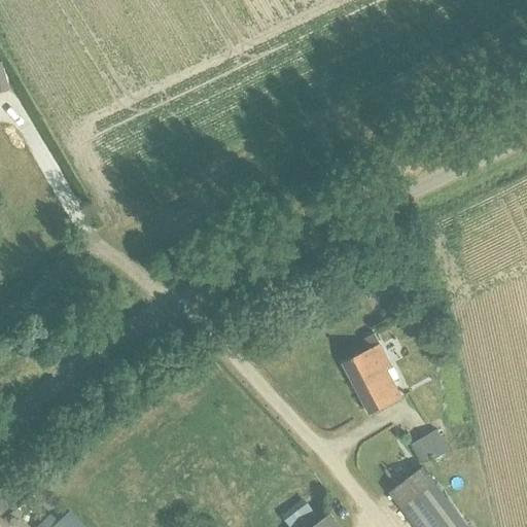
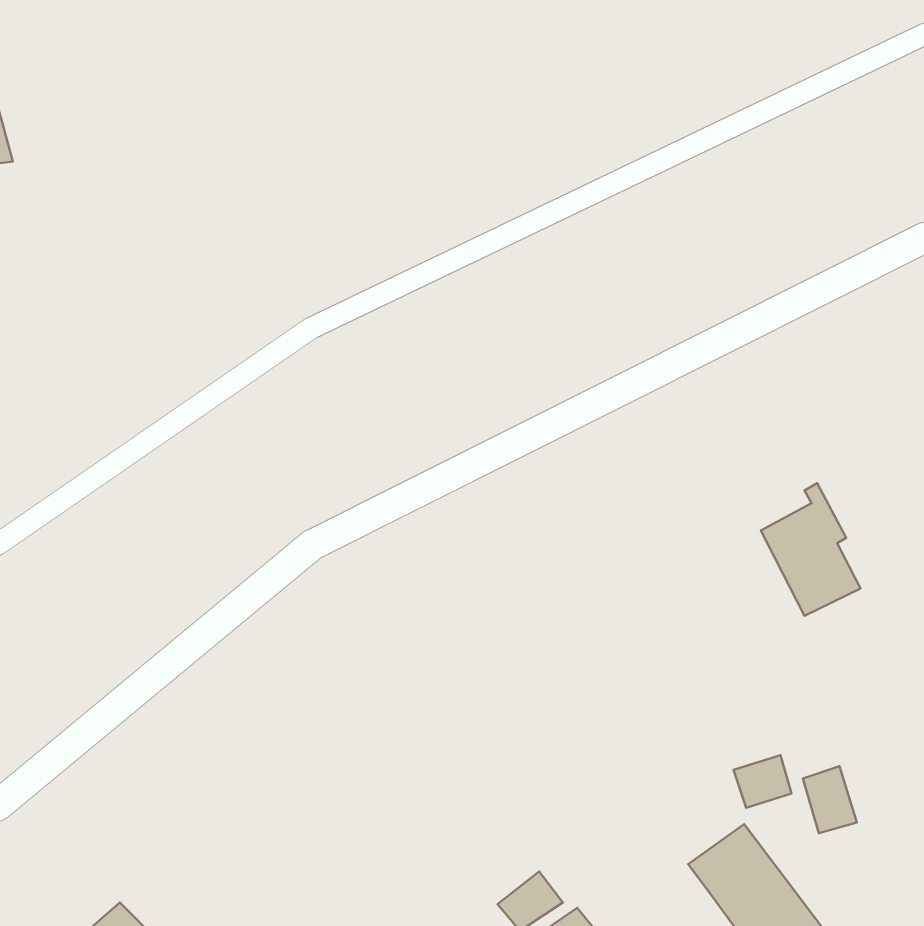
building: [341,339,397,414] -> [761,483,861,616]
building: none -> [803,766,857,833]

